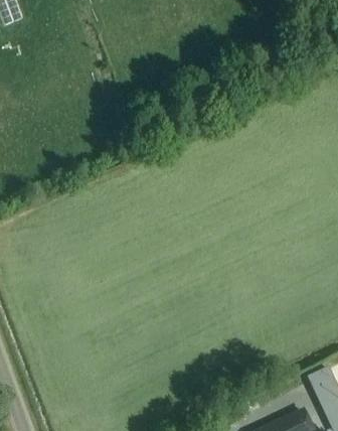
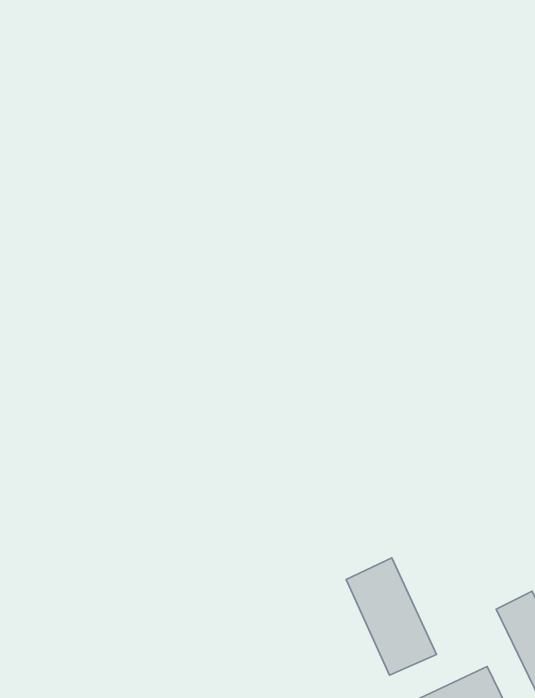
building: none -> [346,558,437,675]

